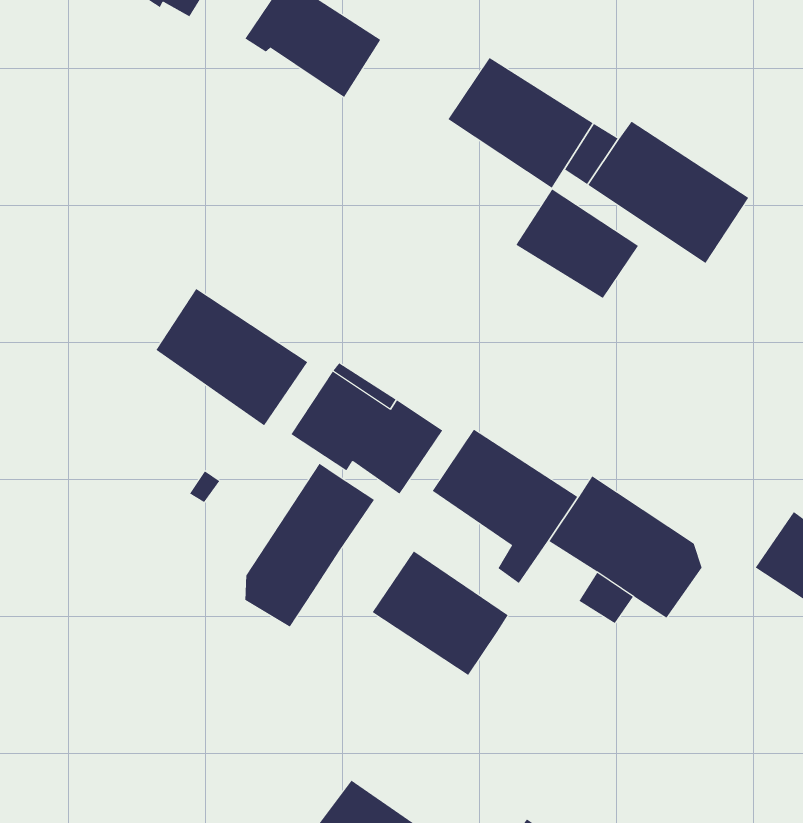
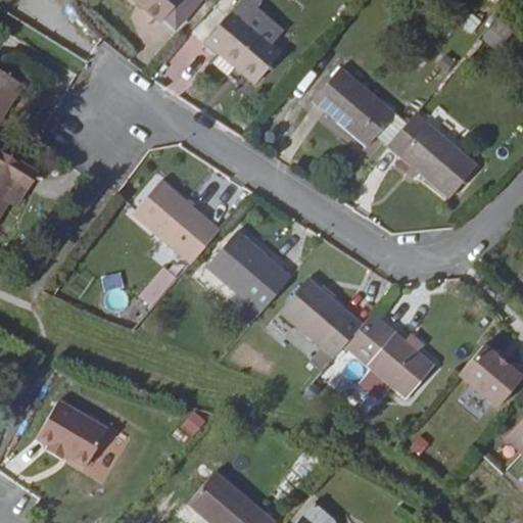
building: [516,189,639,299] -> none
building: [245,463,375,627] -> none
building: [372,551,508,676] -> none
building: none -> [37,402,108,469]

